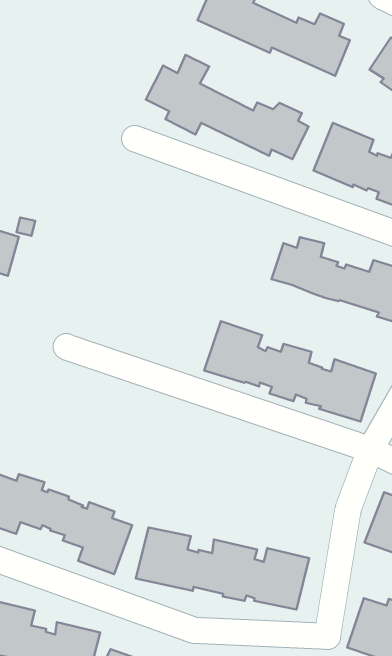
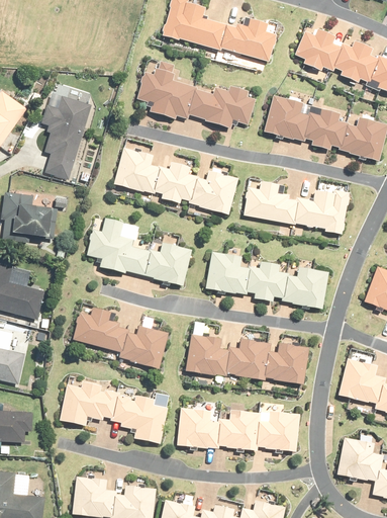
building: none -> [40,95,91,179]
building: none -> [111,148,236,215]
building: none -> [85,219,191,285]
building: none -> [72,307,168,368]
building: none -> [184,332,308,384]

